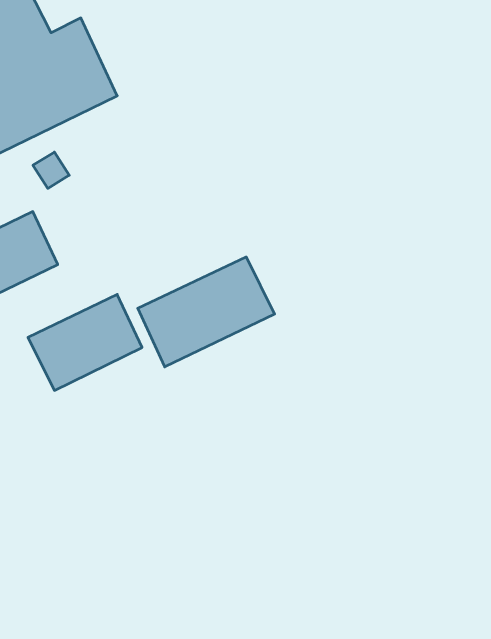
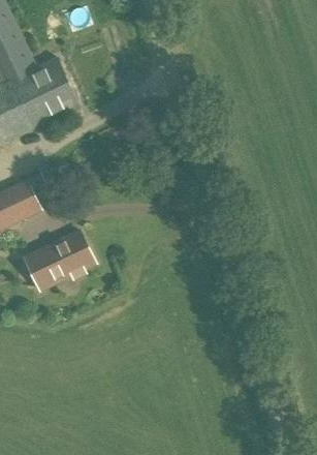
building: [138,257,275,367] -> none

